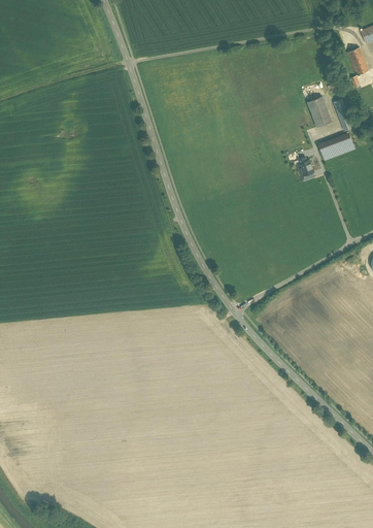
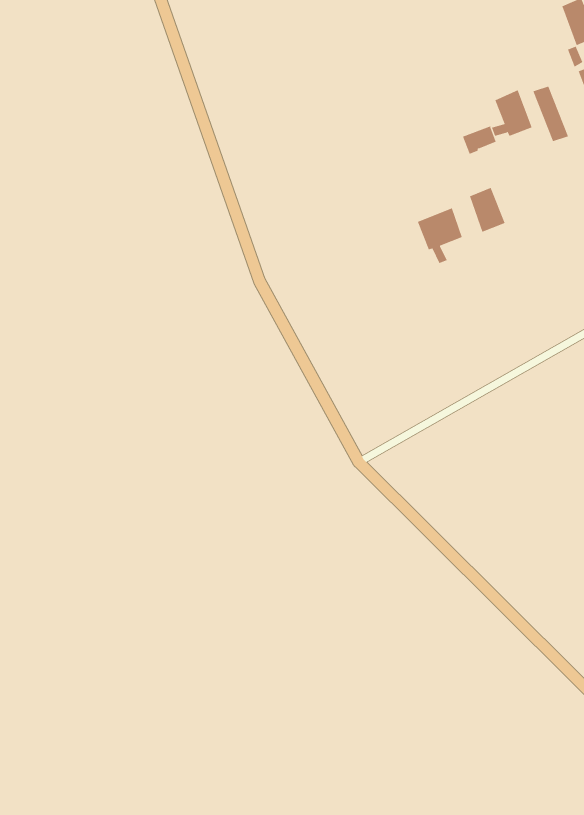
building: [320,136,352,164] -> none
building: none -> [417,207,462,264]

